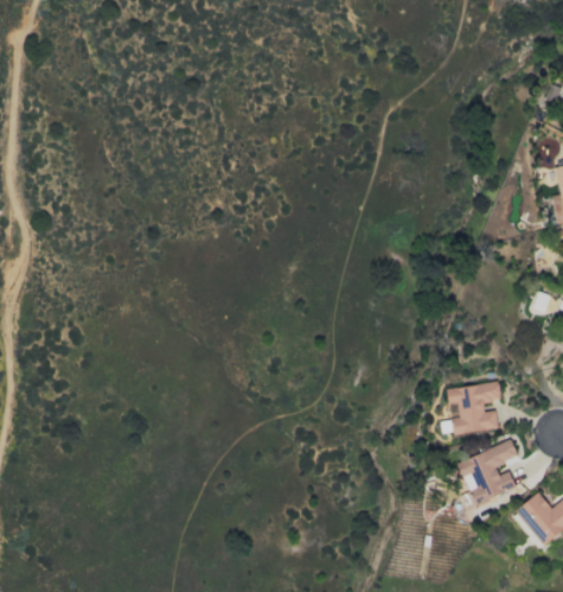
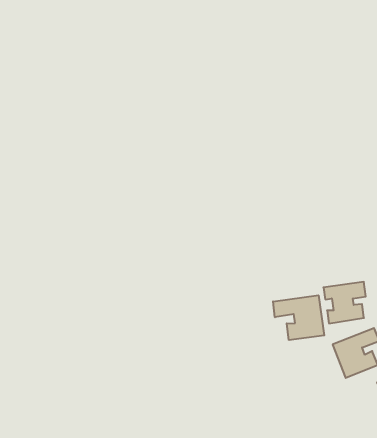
building: none -> [273,295,324,340]

